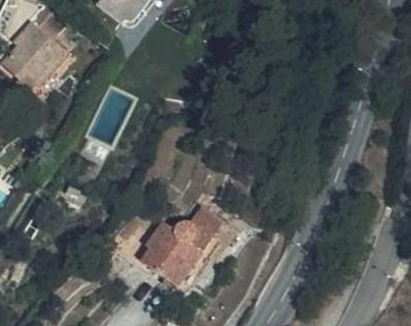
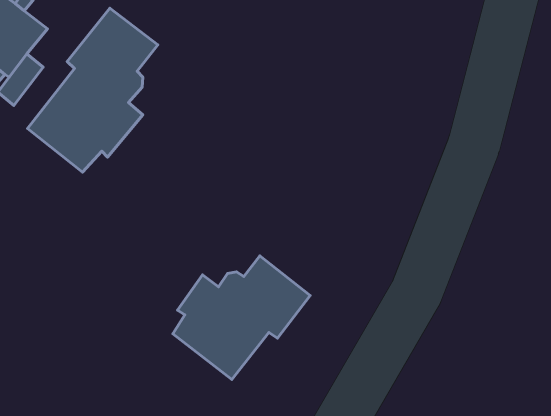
building: none -> [27,8,158,172]

